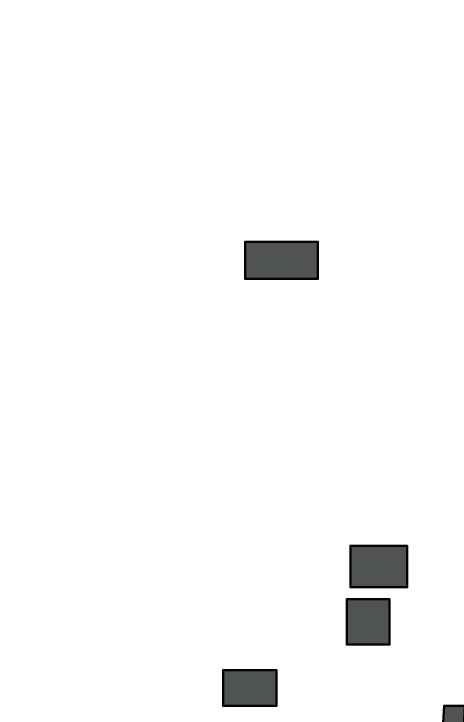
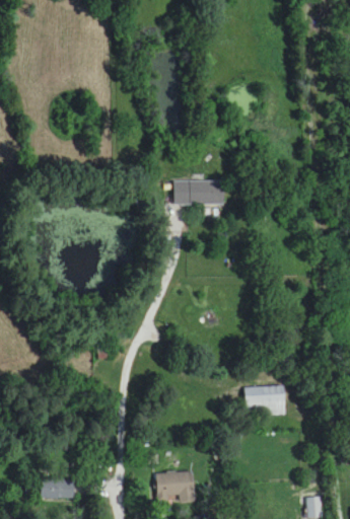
building: [347,599,389,645] -> none
building: none -> [41,479,75,500]

